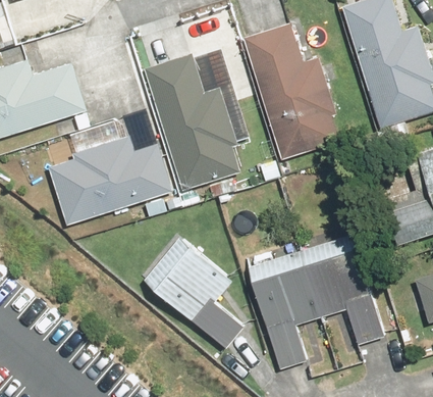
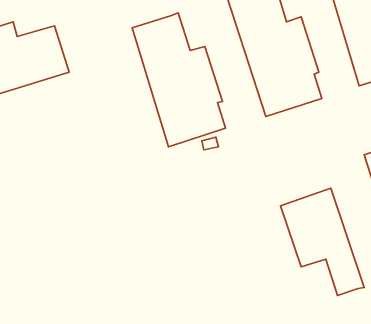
building: [41,138,167,228] -> none
building: [146,237,245,347] -> none
building: [245,239,320,368] -> none

